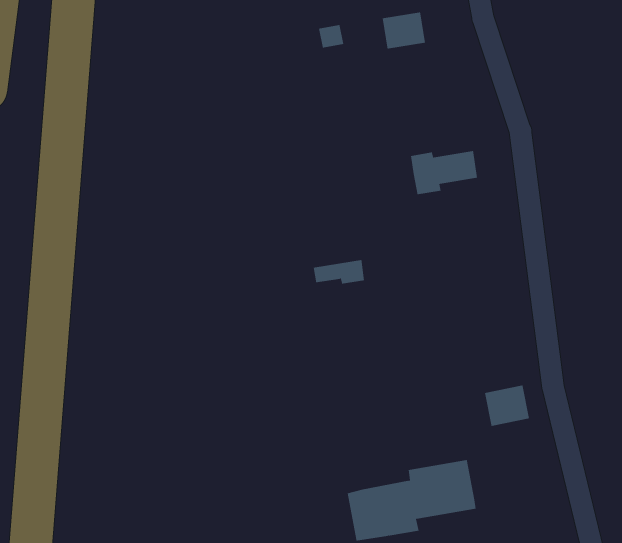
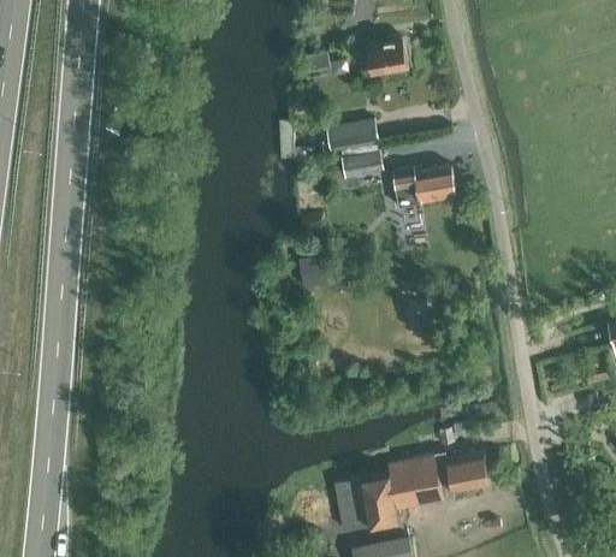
building: none -> [325,117,379,152]
building: none -> [342,153,383,178]
building: [484,385,530,426] -> [446,452,488,491]

